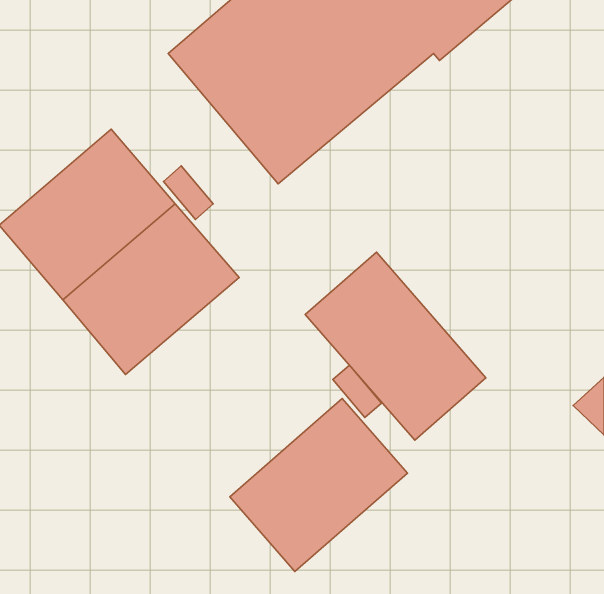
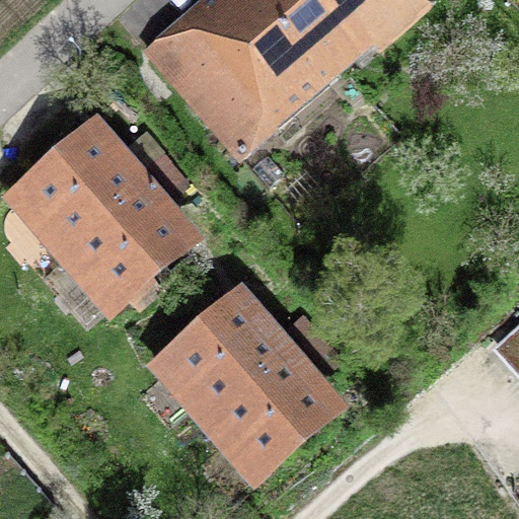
building: [305,252,486,440] -> none
building: none -> [144,280,293,425]

